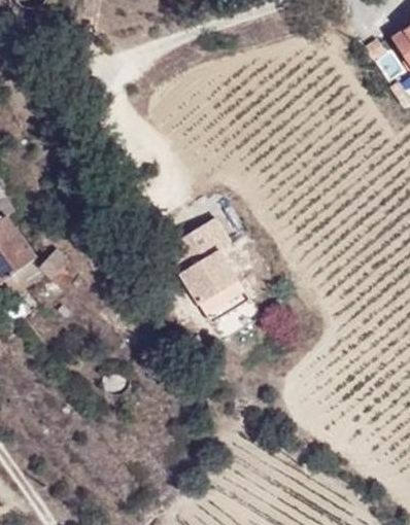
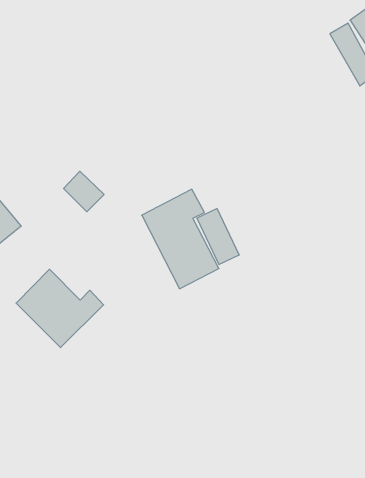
building: [37,250,80,293] -> [64,171,104,212]
building: none -> [16,269,104,348]

